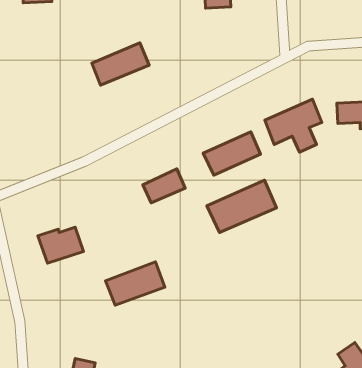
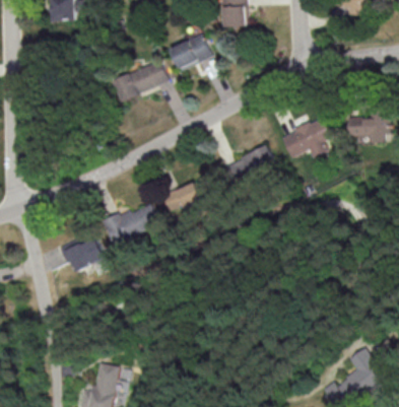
building: none -> [171,35,212,72]
building: [207,180,276,233] -> none
building: [106,262,165,305] -> [104,203,160,245]

